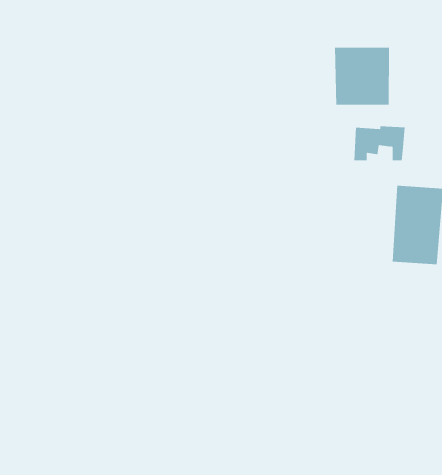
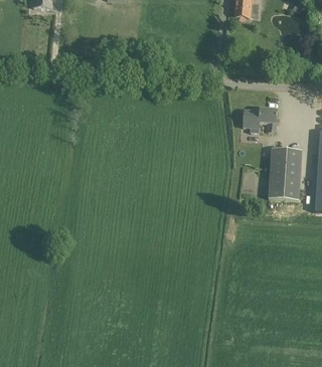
building: [334,47,390,106] -> none

